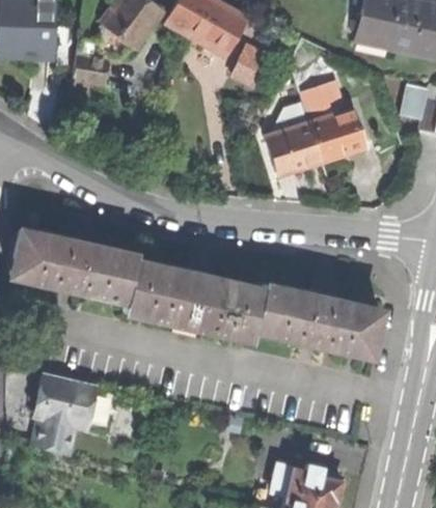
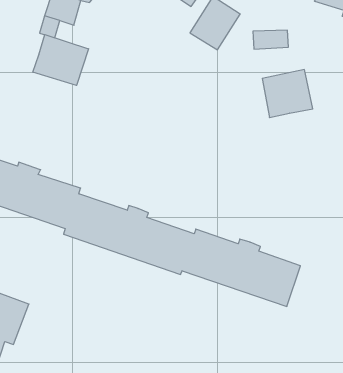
building: [300,83,345,114] -> none
building: none -> [33,35,89,85]
building: [266,119,323,173] -> none

